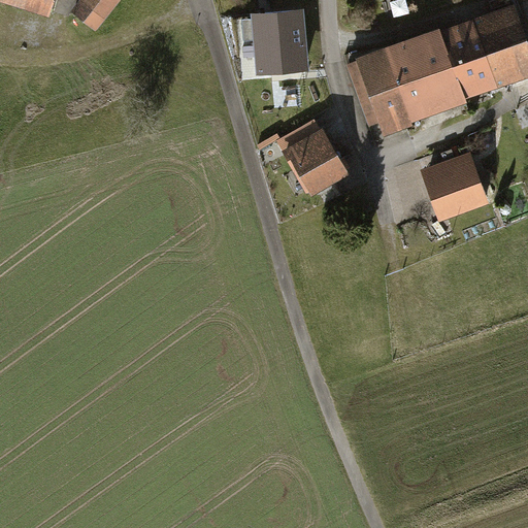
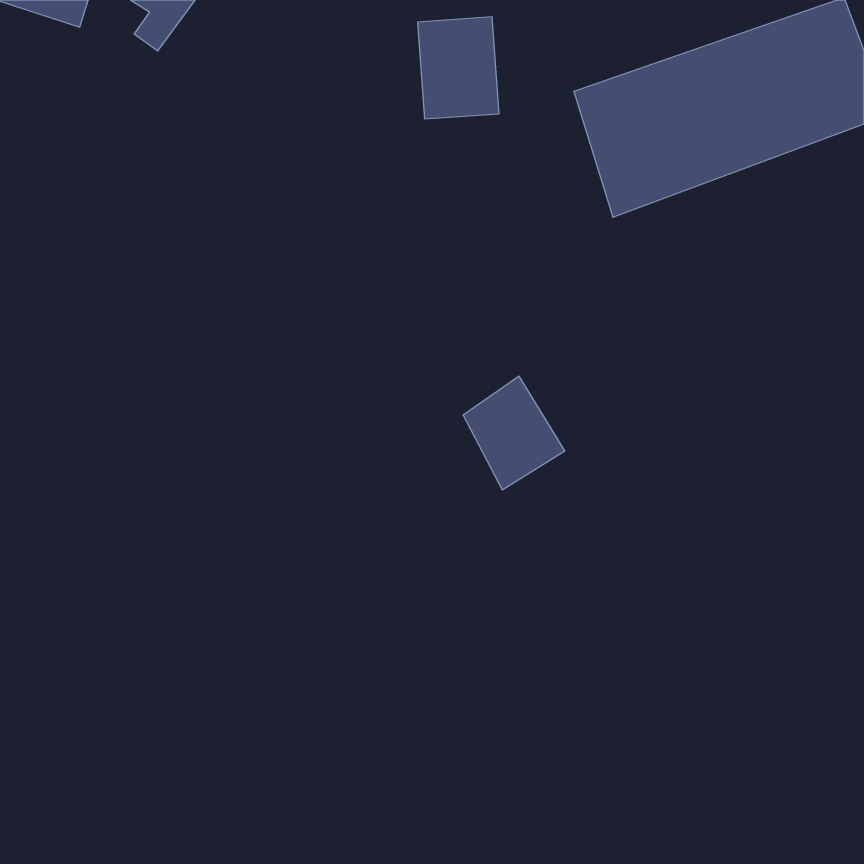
building: [286,125,348,194] -> [463,376,565,490]
building: [429,157,480,214] -> none

